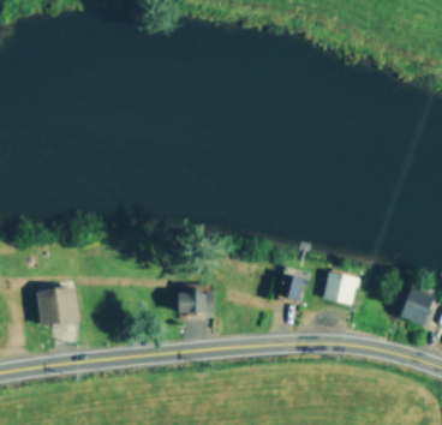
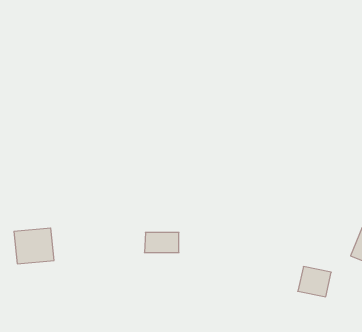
building: [323,271,359,304] -> [298,267,331,297]
building: [277,274,305,300] -> none

